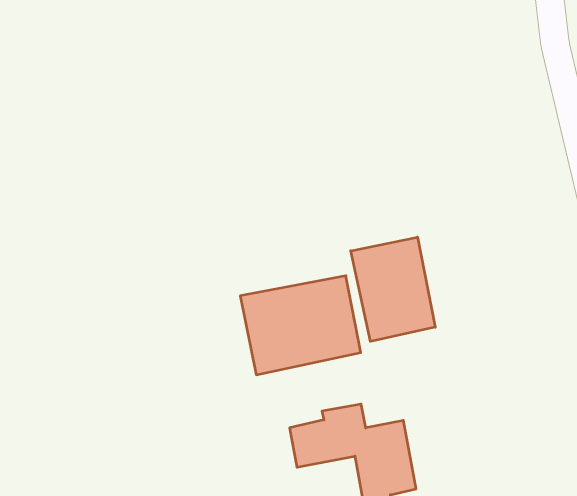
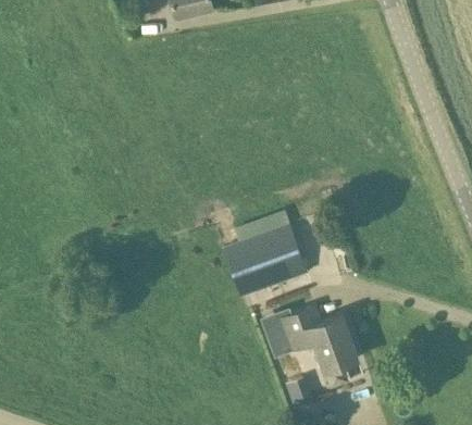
building: [351,237,435,341] -> none

